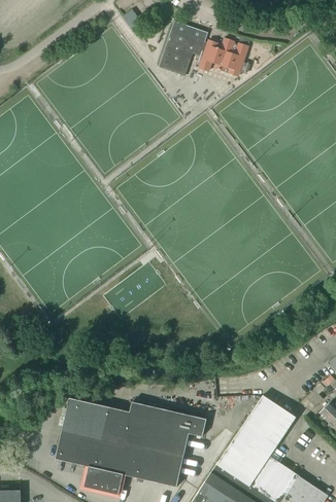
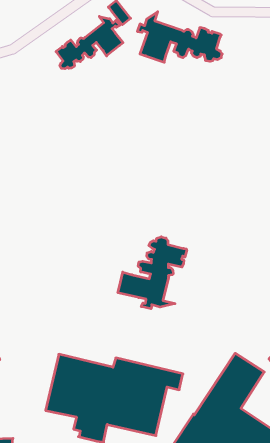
building: none -> [56,16,123,69]
building: none -> [118,237,187,309]

